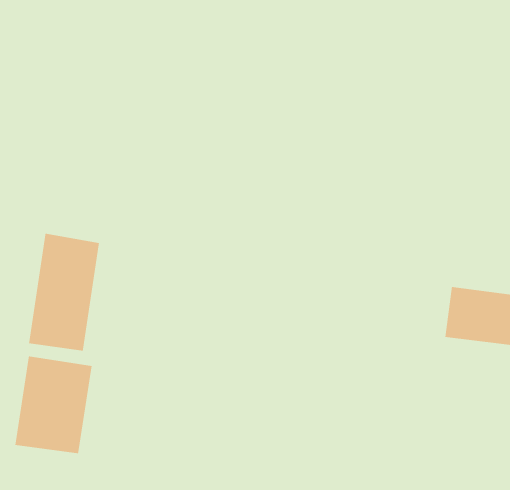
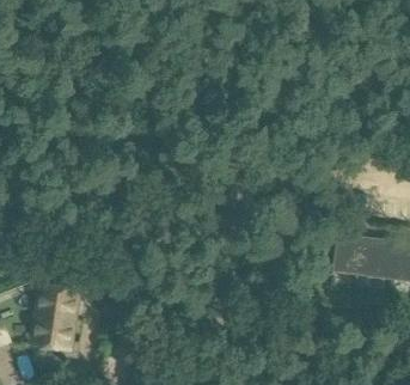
building: [28,233,99,351] -> none

